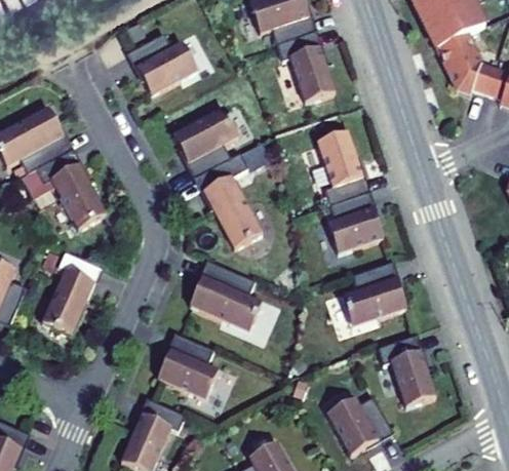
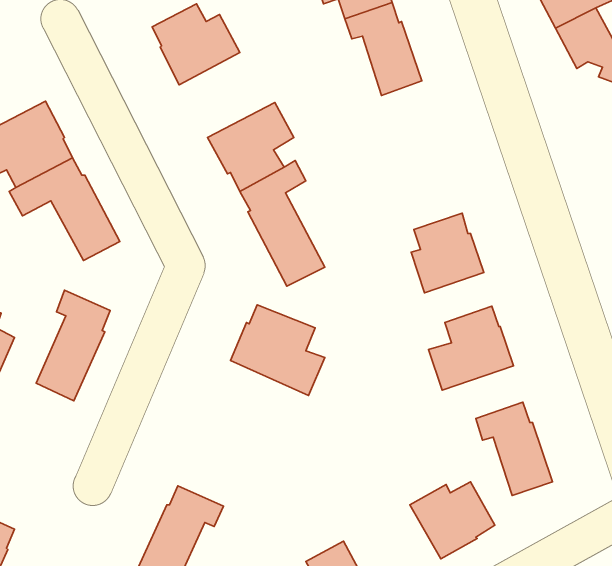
building: [317,131,366,204] -> none
building: [157,333,218,398] -> none

